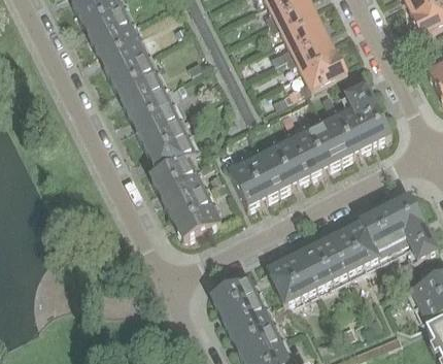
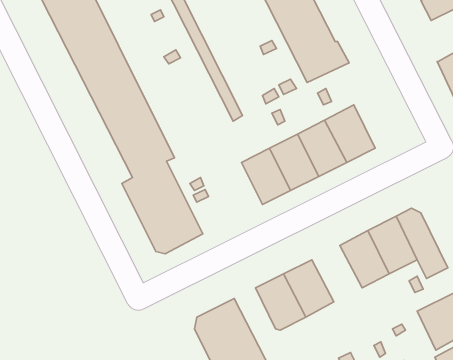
building: [347,82,388,143] -> none
building: [228,156,272,205] -> none
building: [315,229,360,278] -> none

